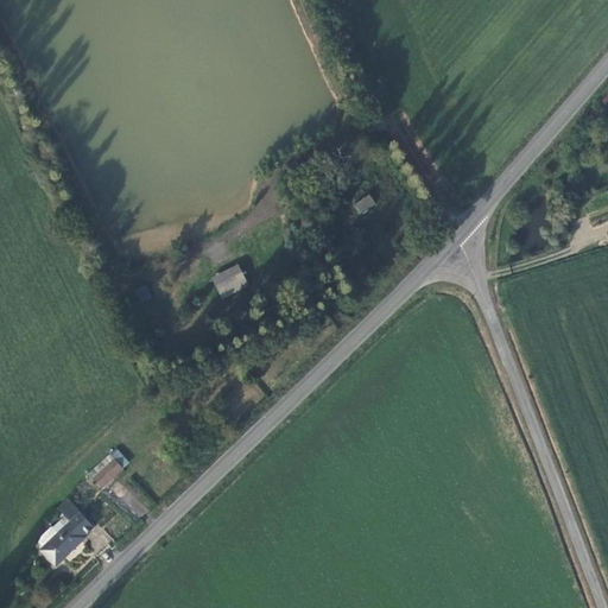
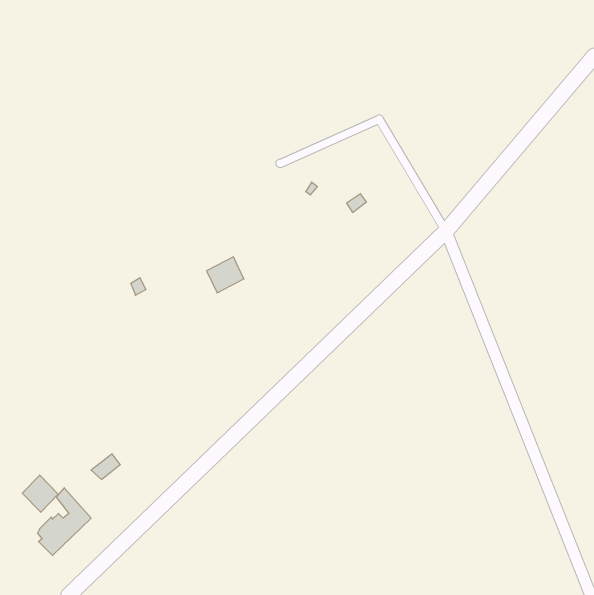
building: none -> [22,475,58,512]

